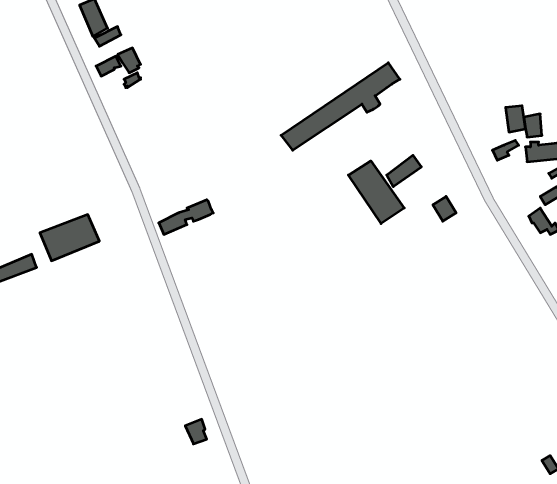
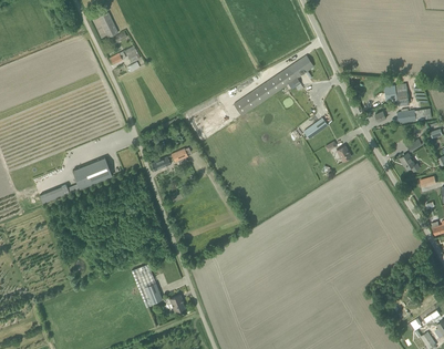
building: [348,161,404,224] -> none
building: none -> [132,264,163,307]

